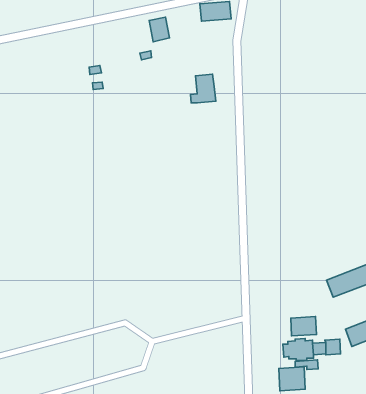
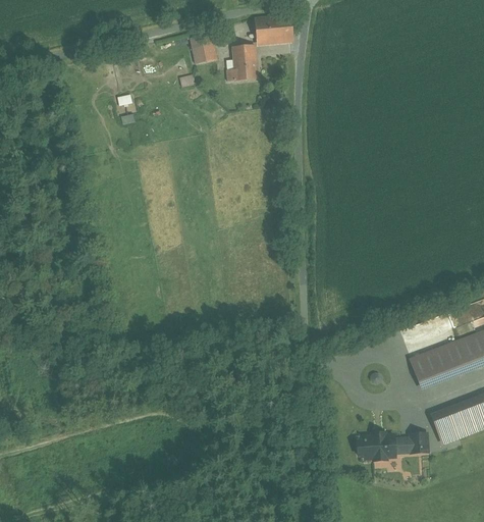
building: [190,74,216,103] -> [226,46,258,82]
building: [291,317,316,336] -> none
building: [279,367,305,391] -> none

